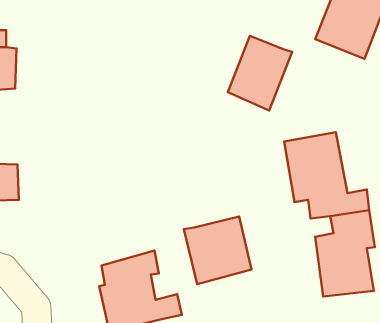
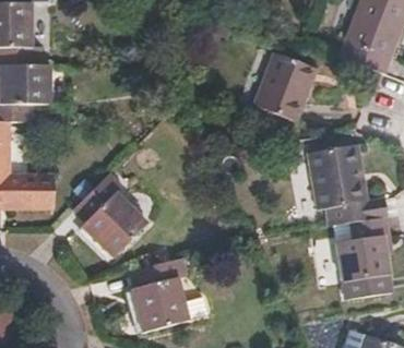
building: none -> [73,170,148,257]
building: [184,217,251,284] -> none

